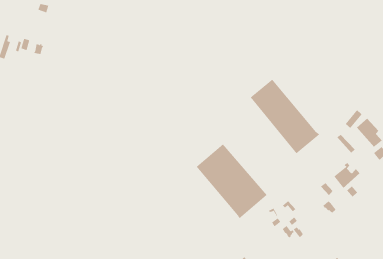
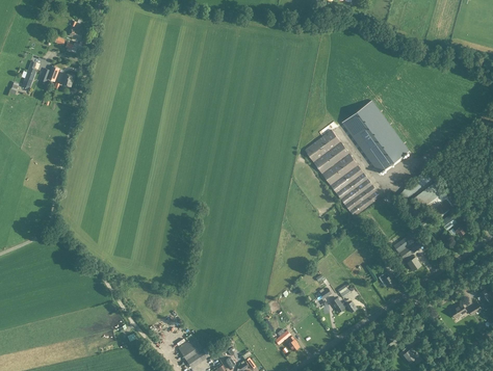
building: none -> [341,100,409,173]
building: [196,143,268,219] -> none

